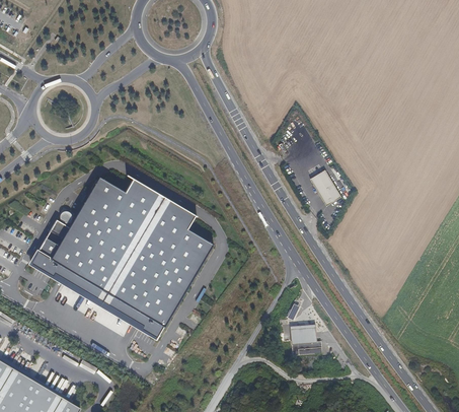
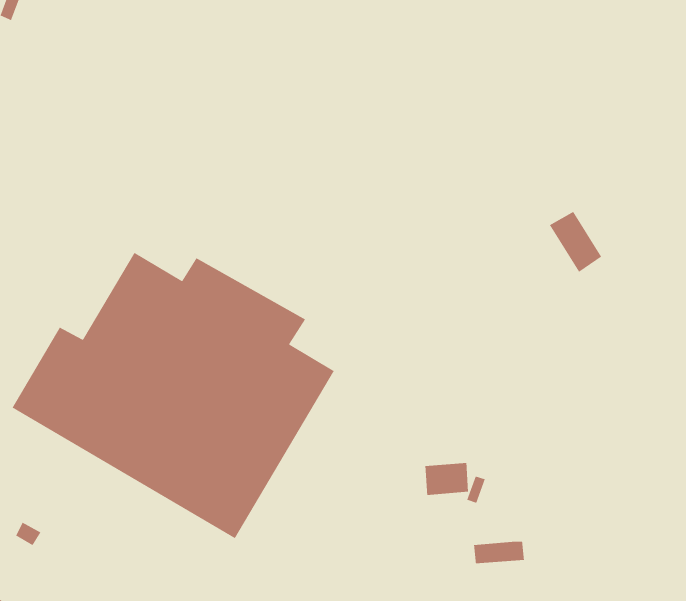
building: [310,169,340,205] -> [549,211,602,273]
building: [292,324,317,343] -> [425,462,469,496]

